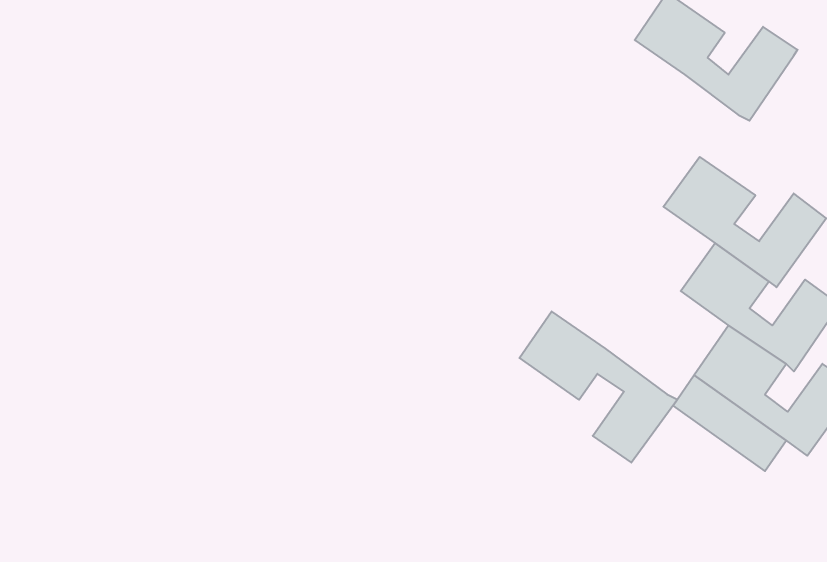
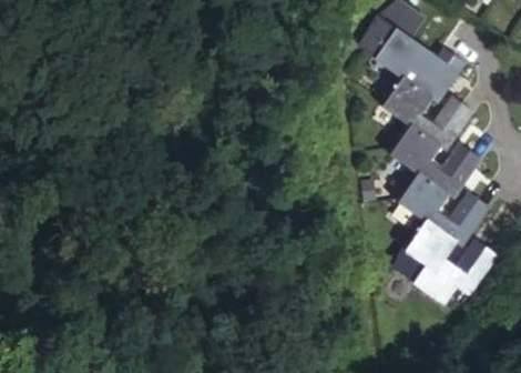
building: none -> [381,73,473,147]
building: [519,311,677,463] -> none

